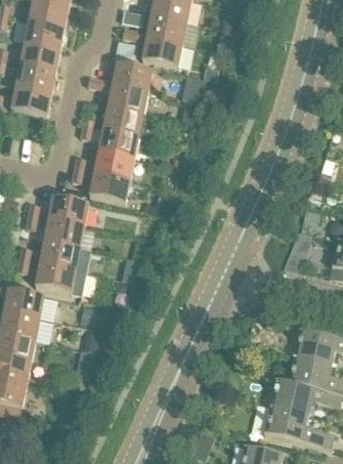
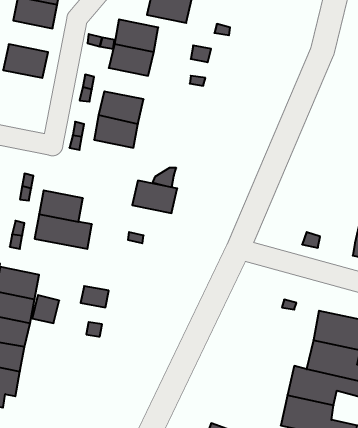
building: [15,62,55,91] -> none
building: [102,106,142,134] -> none
building: [88,171,129,201] -> [132,181,177,213]
building: [47,195,88,224] -> none
building: [35,261,87,293] -> none

